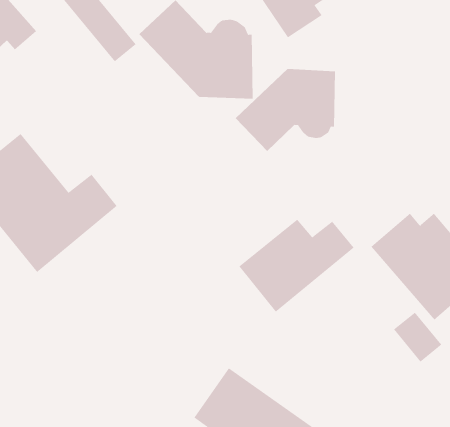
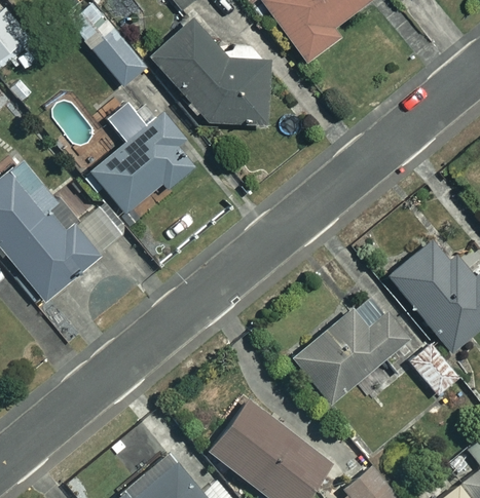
building: [235,68,336,152] -> none
building: none -> [90,101,198,213]
building: [239,219,354,313] -> [292,307,411,404]

